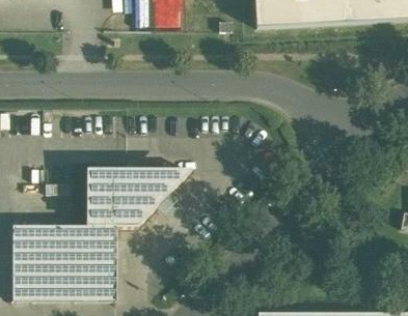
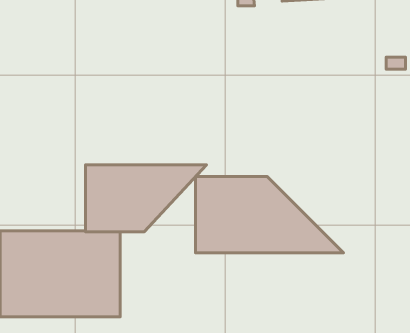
building: none -> [196,177,343,253]

